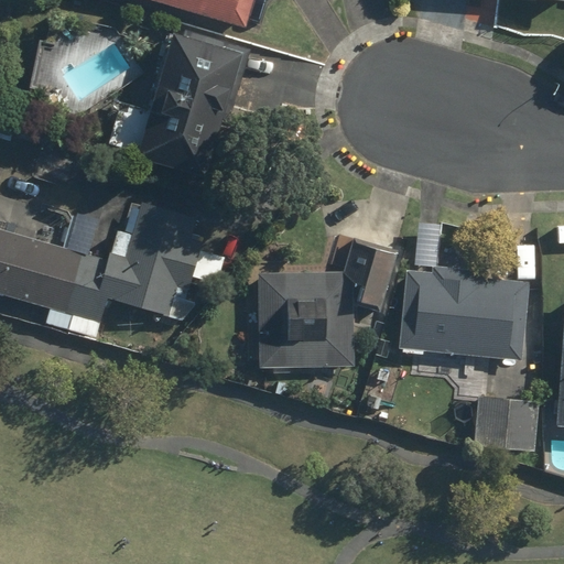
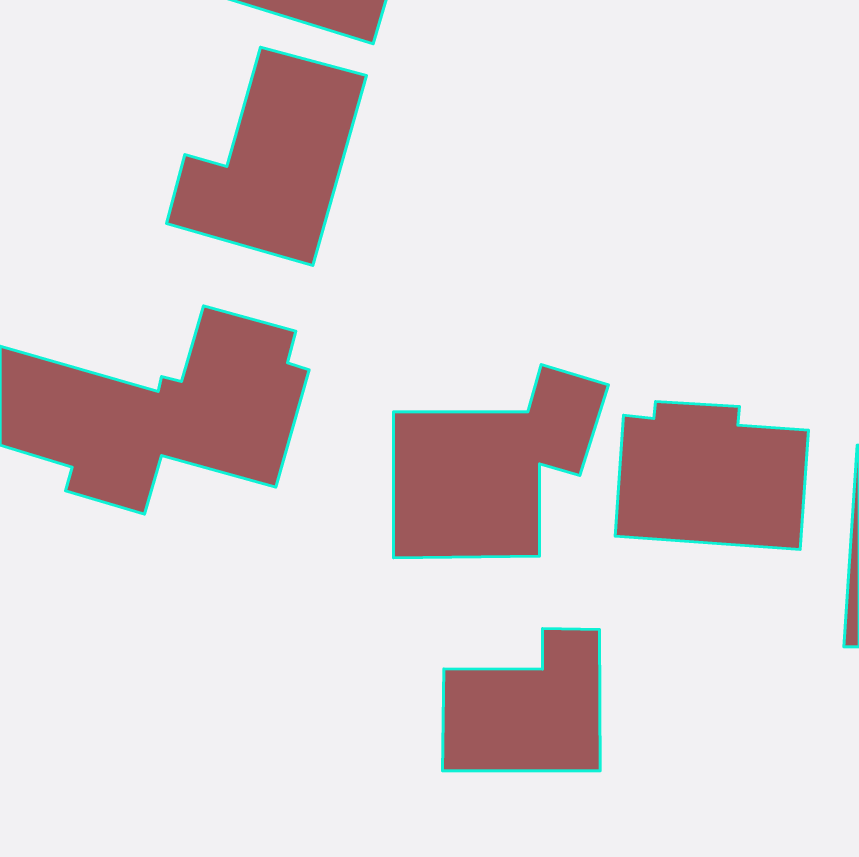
building: [474,394,536,448] -> none
building: none -> [443,629,600,771]

